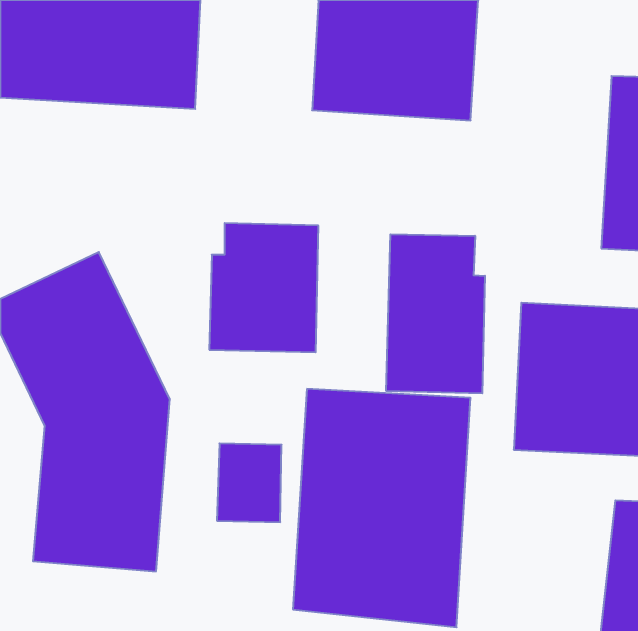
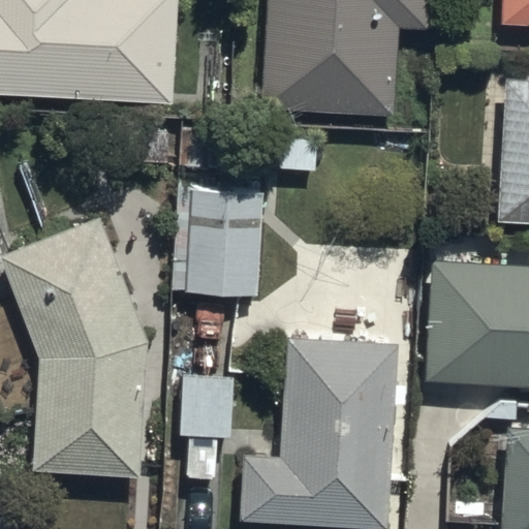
building: [386,234,485,393] -> none

